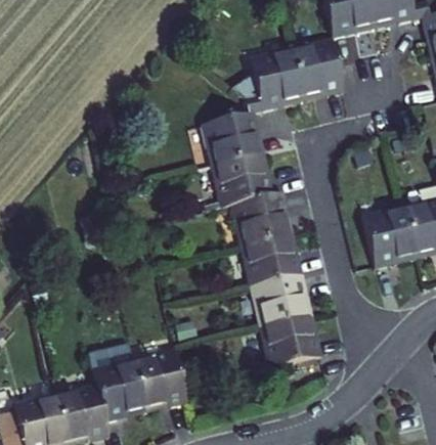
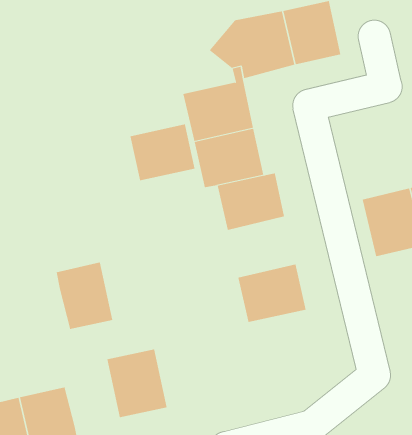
building: none -> [130,124,195,181]
building: [242,231,303,285] -> none
building: [260,314,322,368] -> none
building: [94,358,145,418] -> [56,262,113,329]

